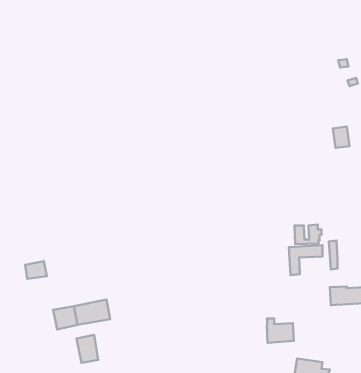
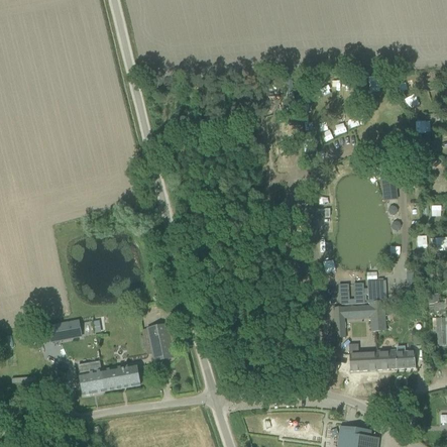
building: none -> [368,280,386,331]
building: none -> [146,324,174,360]
building: [267,318,294,343] -> [349,345,378,371]
building: [76,335,98,363] -> none

